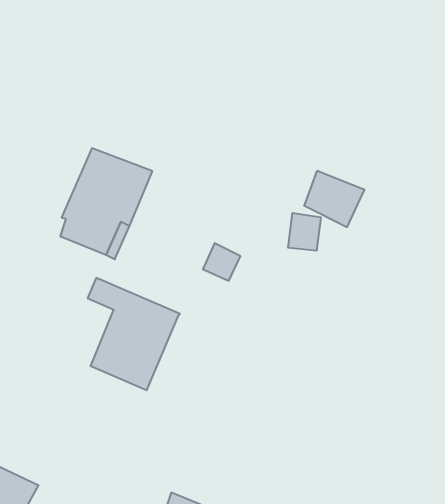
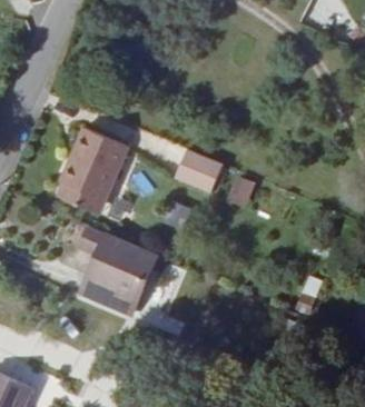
building: [304,171,365,227] -> [175,148,221,191]

